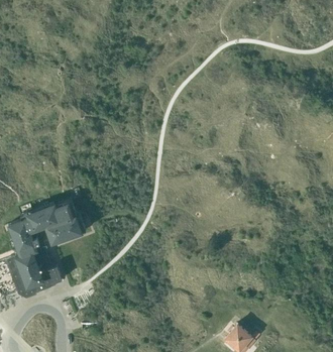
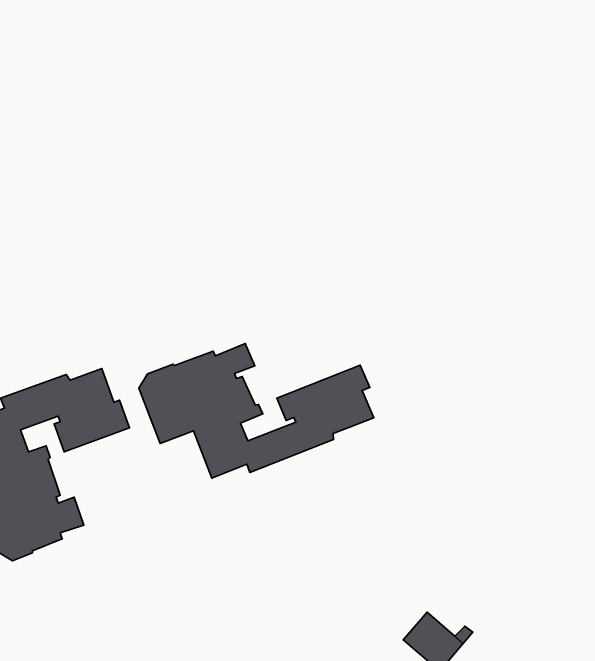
building: none -> [139,343,374,478]

